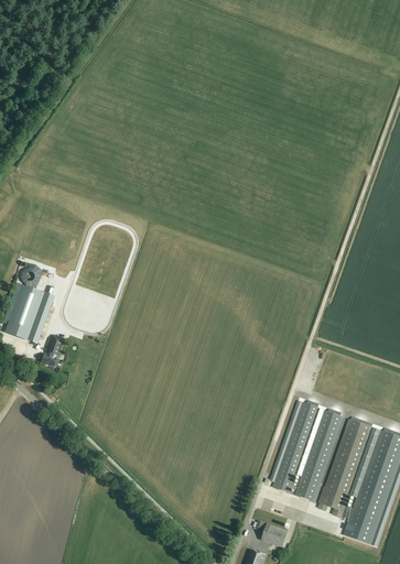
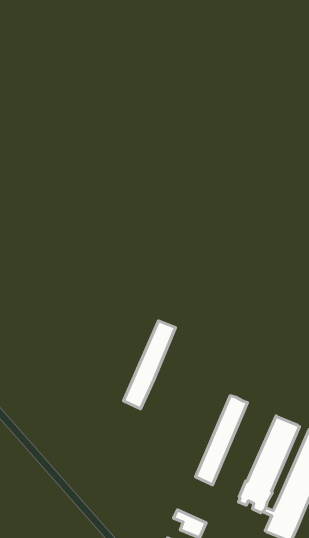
building: [295,410,342,499] -> [124,321,175,409]

